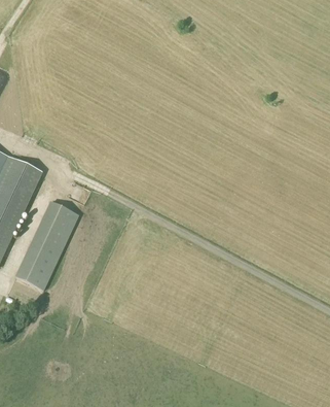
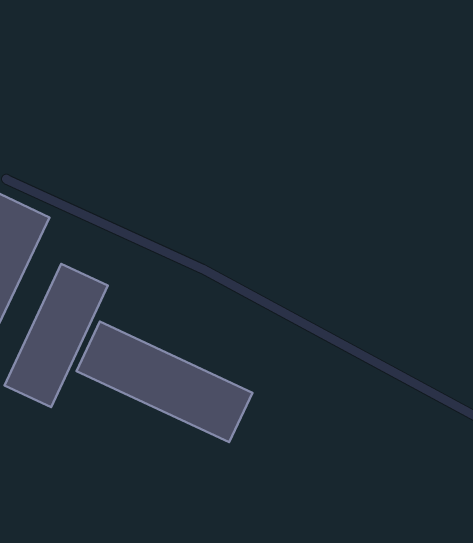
building: none -> [77,322,252,442]

